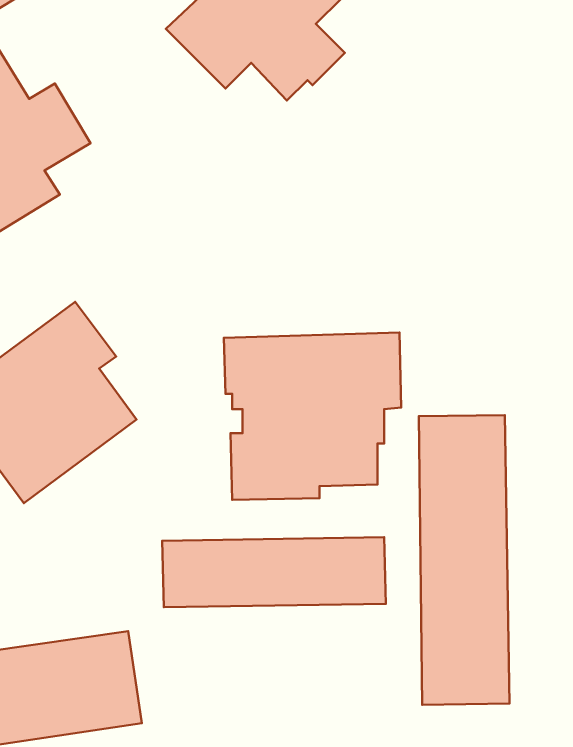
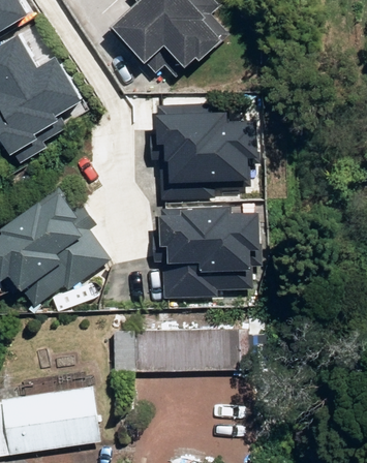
building: none -> [157,101,262,177]
building: [419,415,510,705] -> none

